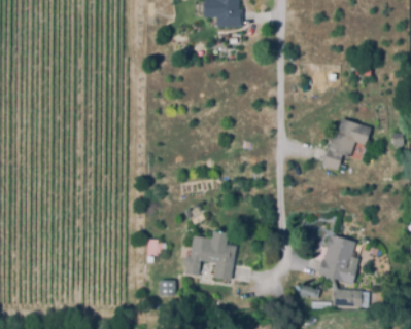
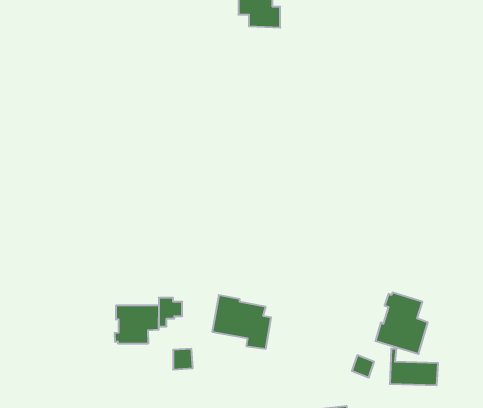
building: [321,118,371,169] -> none
building: none -> [115,305,159,344]

